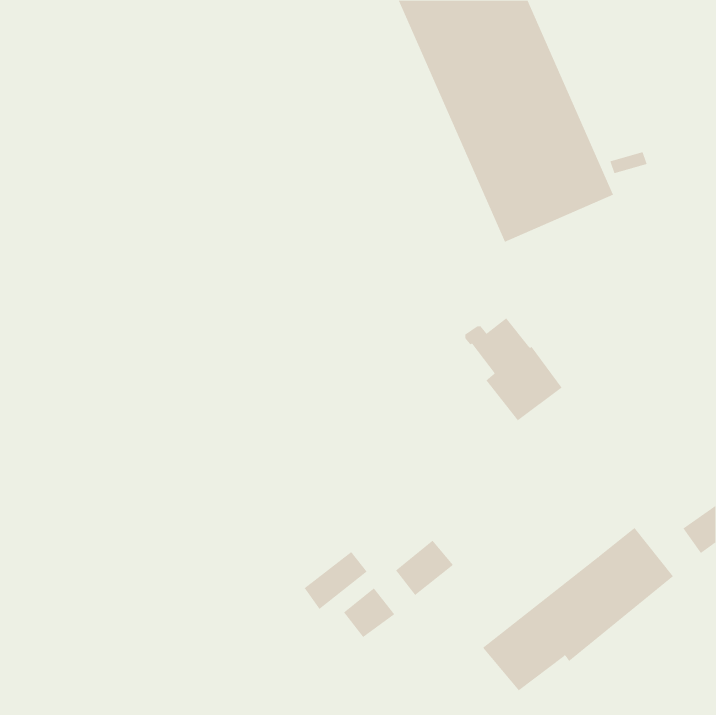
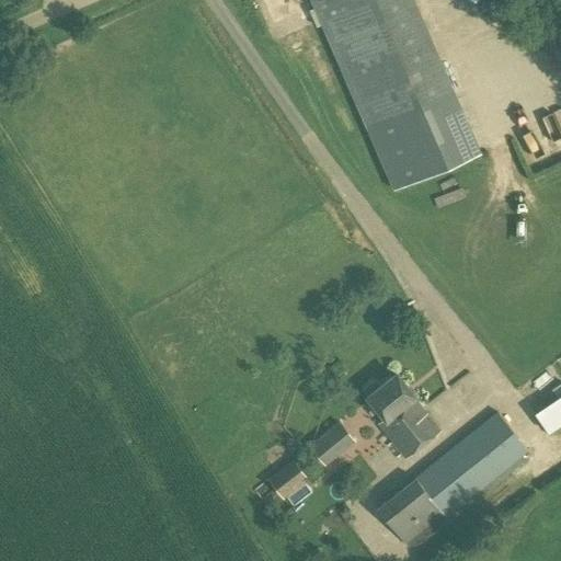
building: [464,318,562,421] -> [363,375,439,456]
building: [304,551,368,610] -> none

